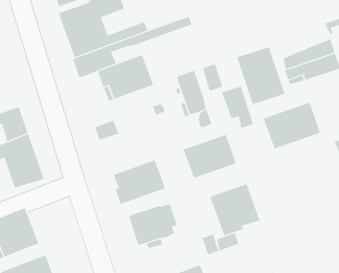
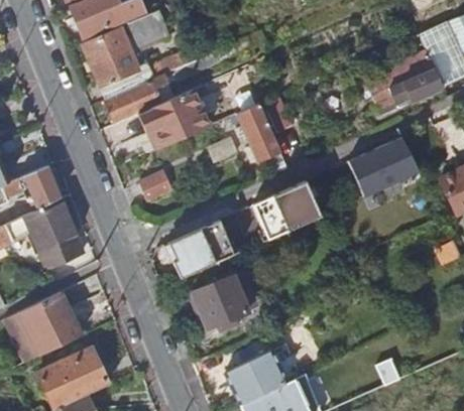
building: [237,46,285,105] -> none
building: [221,86,254,129] -> none
building: [209,183,260,236] -> none

